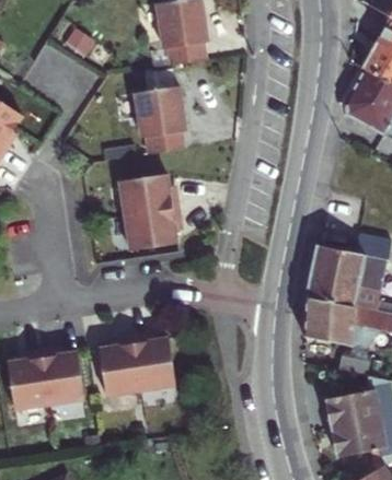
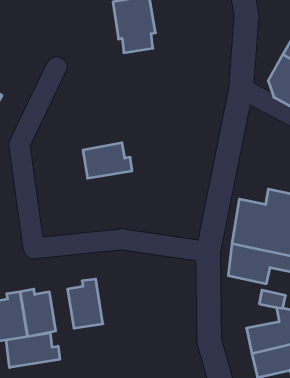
building: [136,85,187,154] -> none
building: [126,207,183,250] -> none
building: [136,333,178,390] -> none
building: none -> [6,333,60,368]

